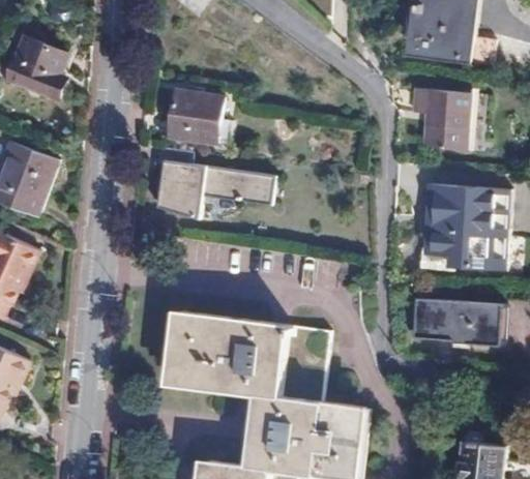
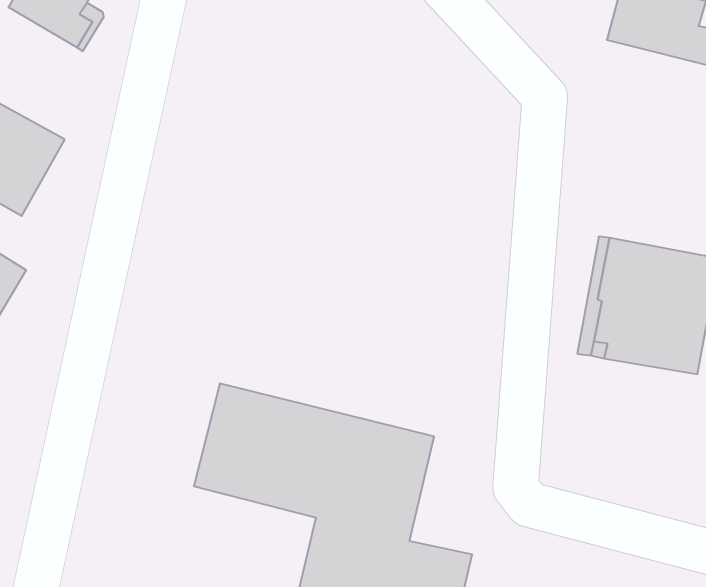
building: [169,90,225,141] -> none
building: [411,90,469,151] -> none
building: [154,146,275,218] -> none
building: [412,298,498,351] -> none

